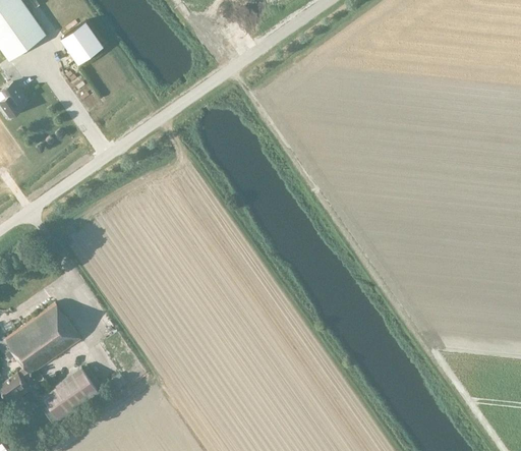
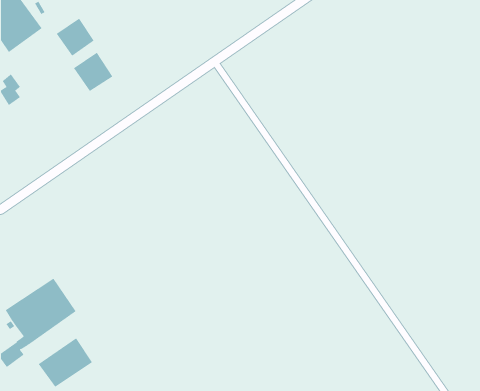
building: none -> [73,52,113,92]

